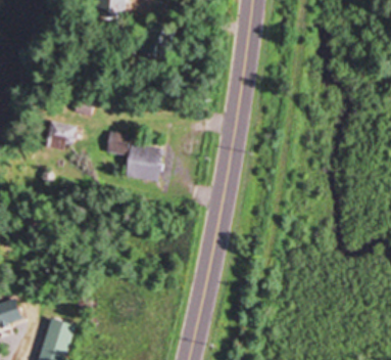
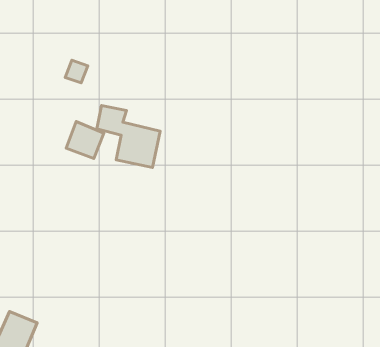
building: [45,121,76,150] -> [66,122,104,158]

